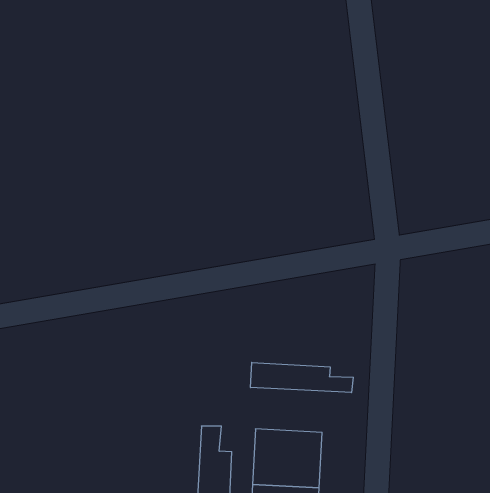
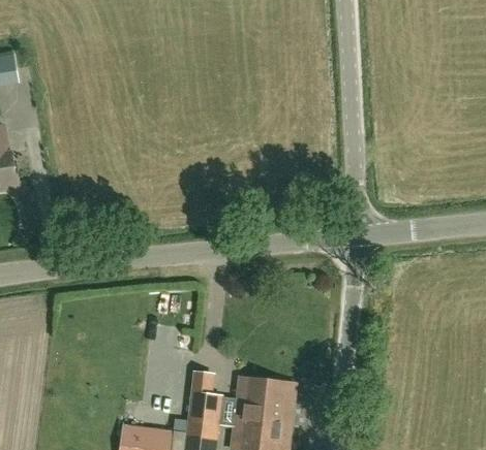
building: [251,362,353,393] -> none

